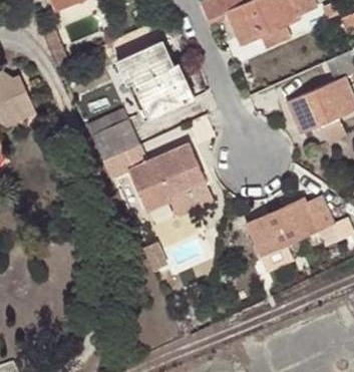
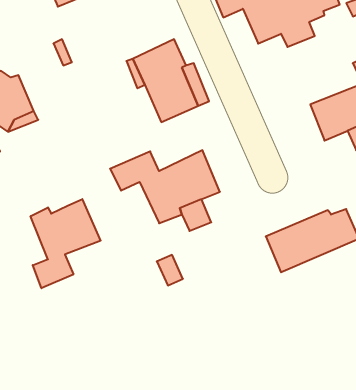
building: [86,109,139,160] -> none
building: none -> [31,199,101,288]

